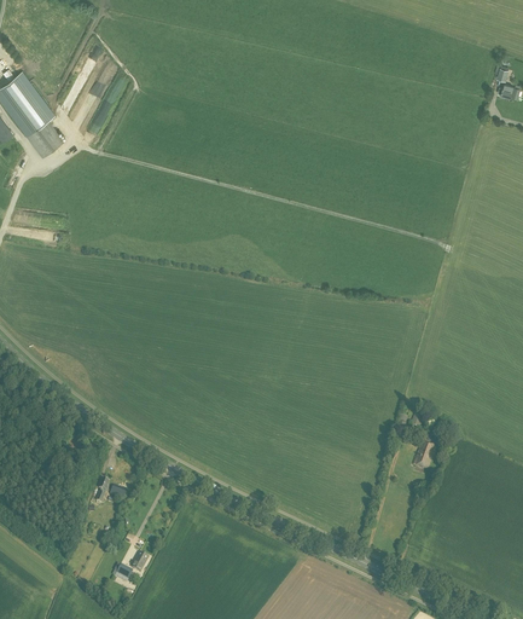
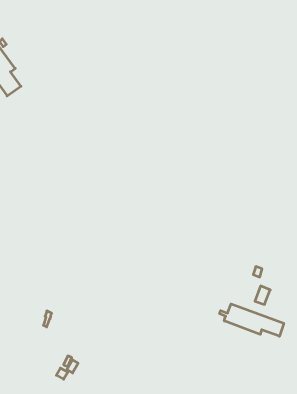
building: none -> [220,304,284,336]

